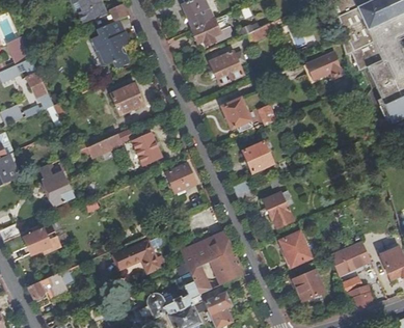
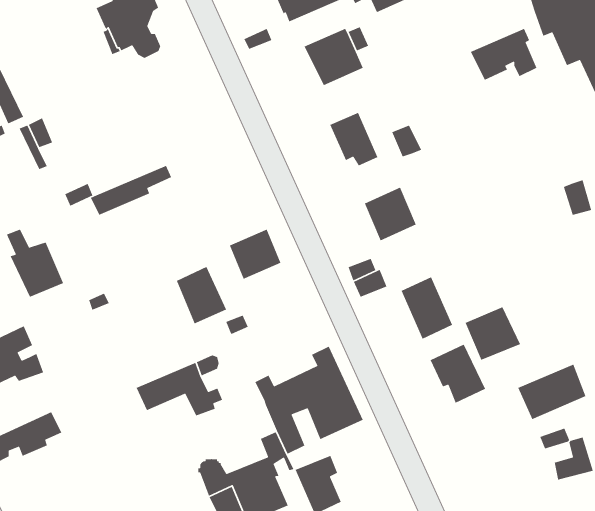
building: [111,83,142,114] -> none
building: [132,132,161,165] -> [176,266,227,324]
building: [294,269,326,300] -> [464,306,521,361]

